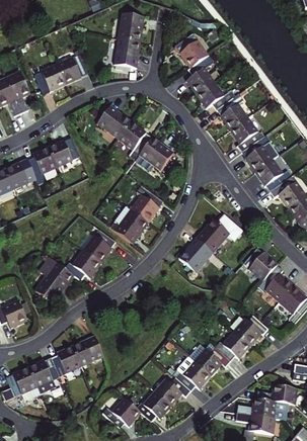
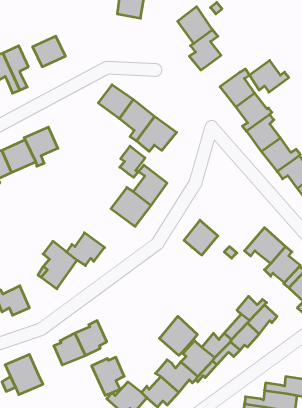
building: [110,38,137,68] -> none
building: [56,50,86,79] -> none
building: [195,78,232,108] -> [250,60,289,92]
building: [49,136,80,167] -> none
building: none -> [120,146,145,177]
building: [194,210,240,251] -> none
building: [83,227,119,262] -> none
building: none -> [159,316,197,355]
building: [30,356,62,392] -> [92,357,124,395]

